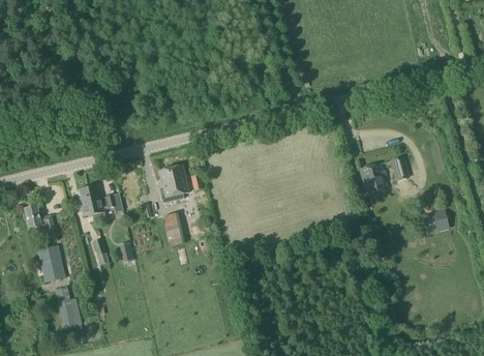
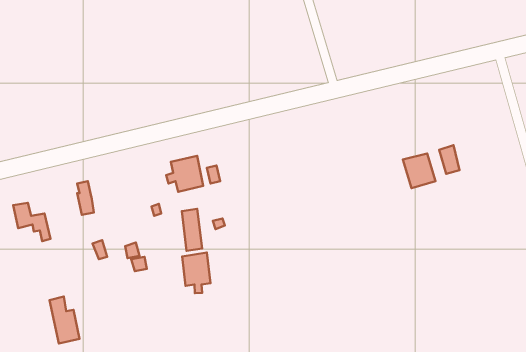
building: [88,185,122,218] -> none
building: [422,210,448,232] -> none
building: [37,244,64,281] -> none
building: none -> [182,252,211,293]

